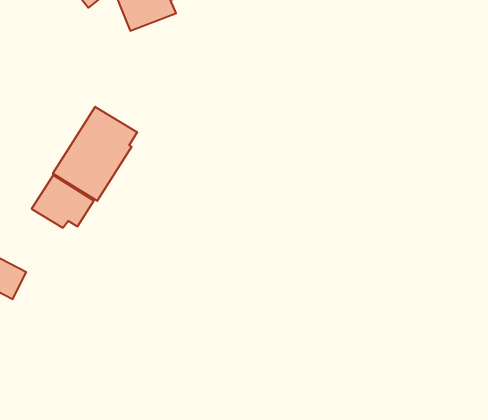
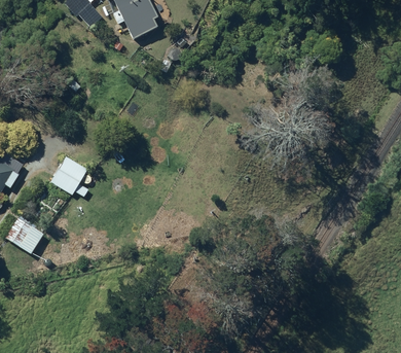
building: [53,107,137,201] -> none

